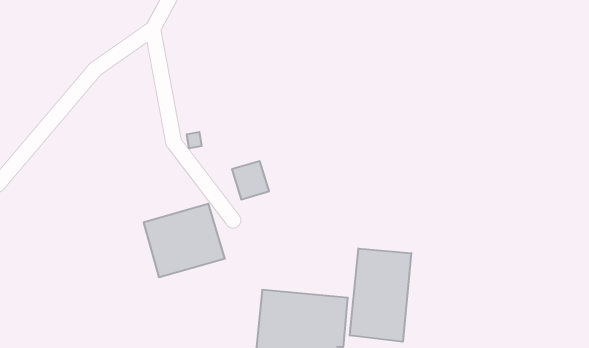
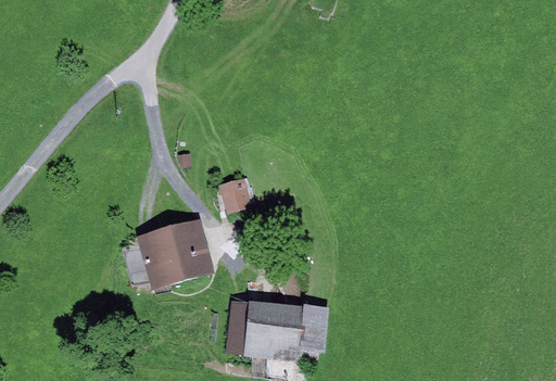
building: [350,248,411,342] -> none

